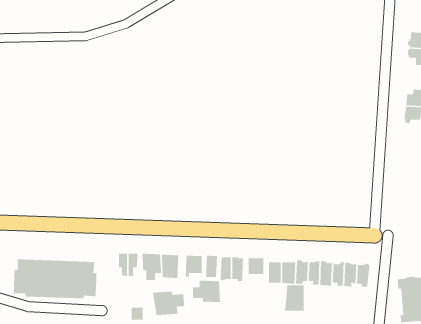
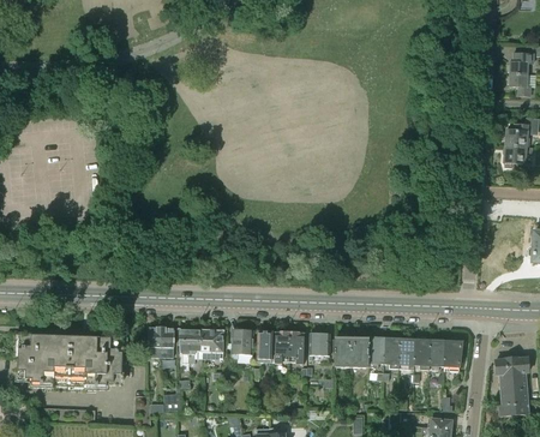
building: [192,280,221,303] -> none
building: [284,285,304,312] -> none
building: [152,291,185,316] -> none

